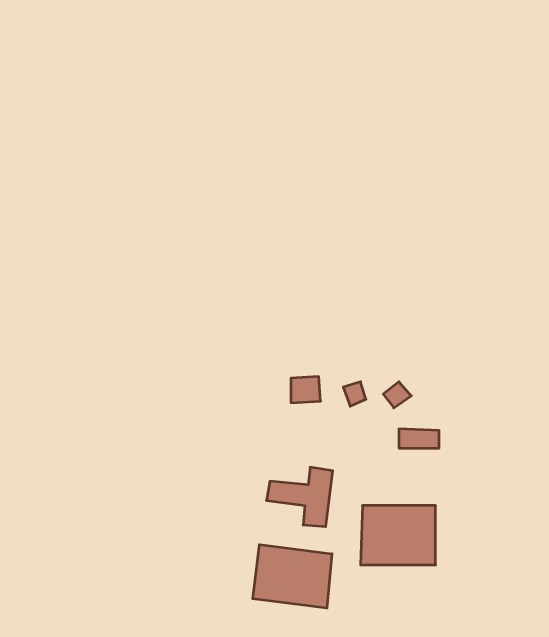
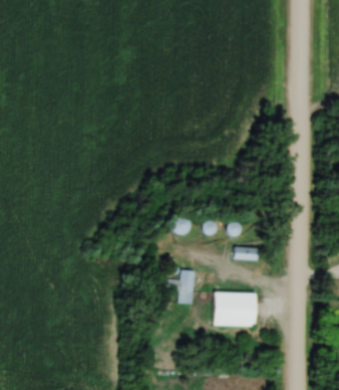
building: [253,545,332,608] -> none

